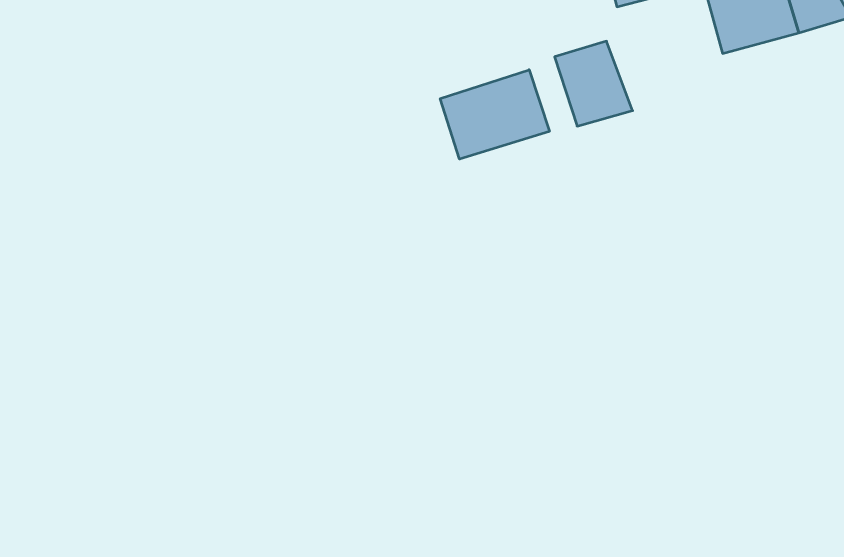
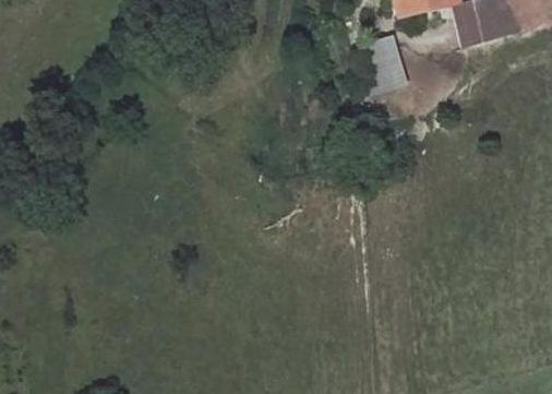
building: [440,70,549,159] -> none

